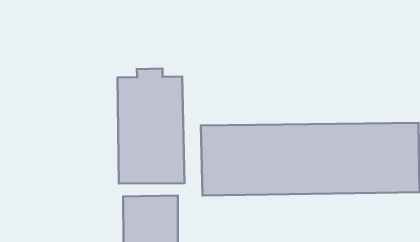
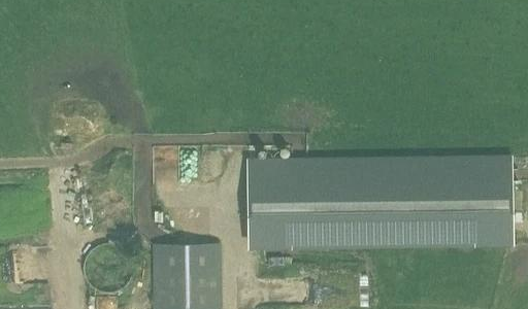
building: [118,69,184,183] -> none

